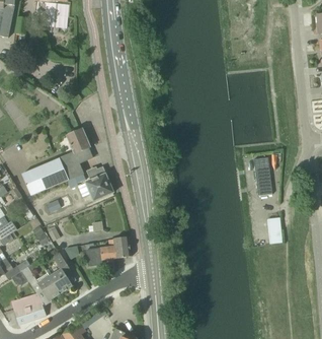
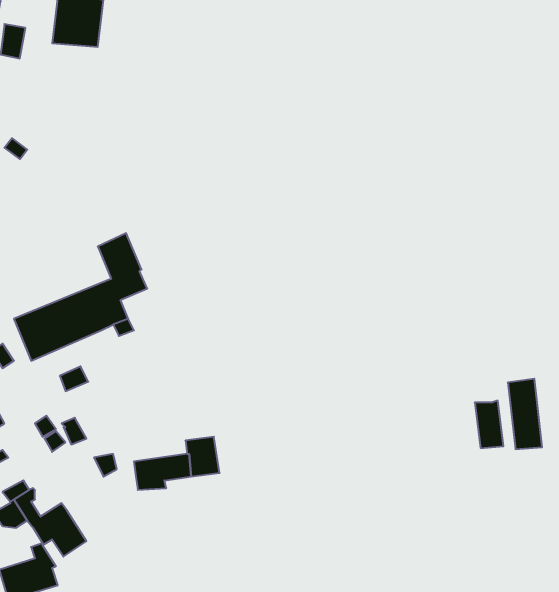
building: [254,157,272,195] -> [508,379,542,449]
building: [86,167,115,200] -> none
building: [51,252,73,292] -> none

